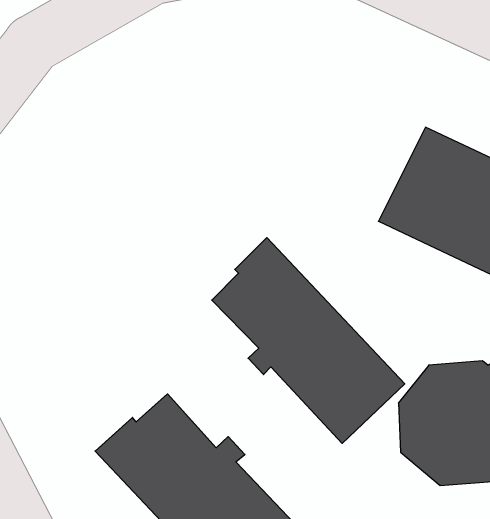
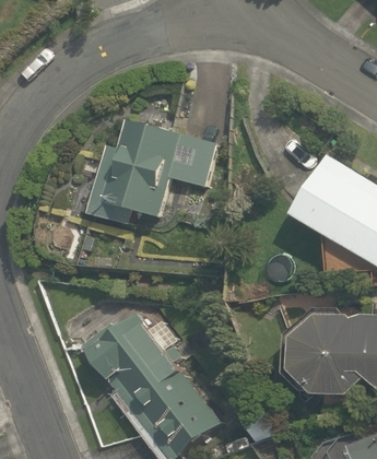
building: none -> [83,119,213,223]
building: [212,238,405,443] -> none

